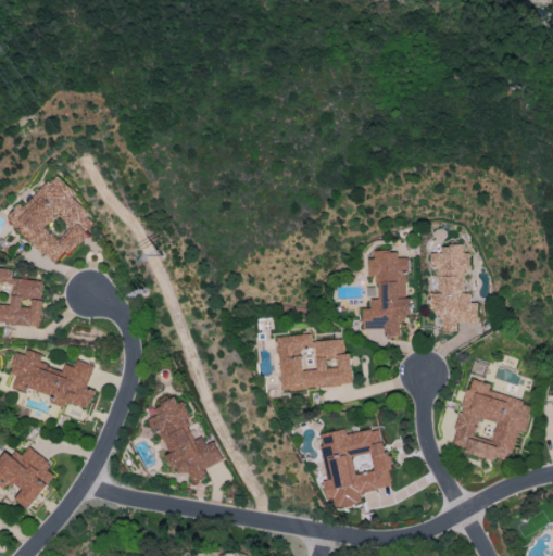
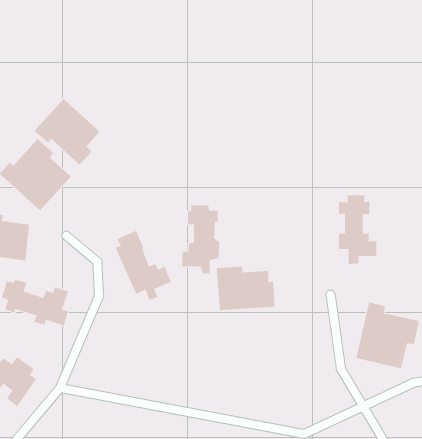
building: none -> [34,98,100,165]
building: [362,251,411,337] -> [181,205,220,274]
building: [151,395,222,483] -> [115,230,171,301]
building: [318,428,393,508] -> none

